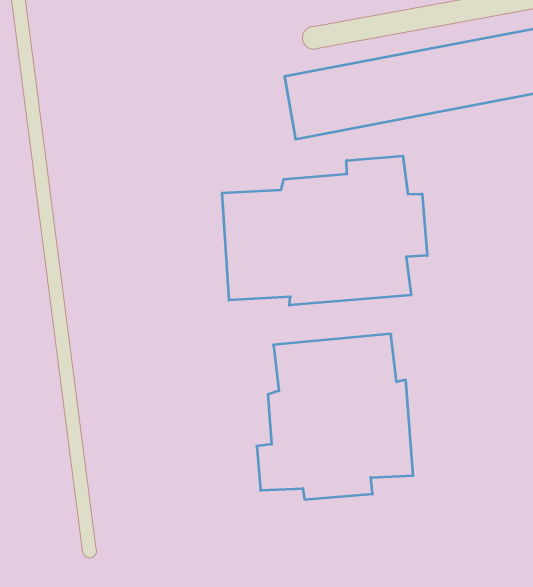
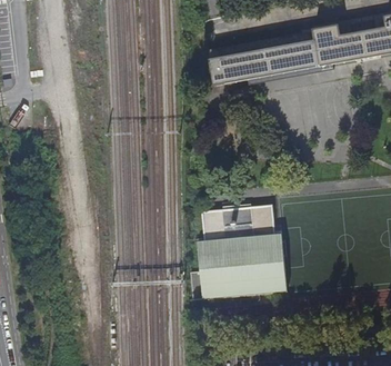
building: [222,156,427,305] -> none

